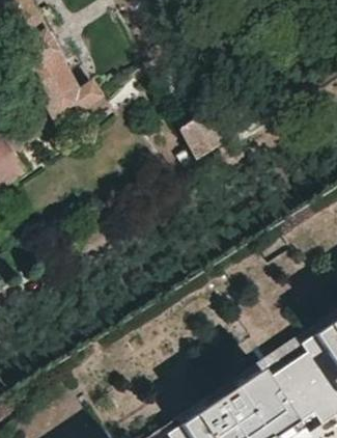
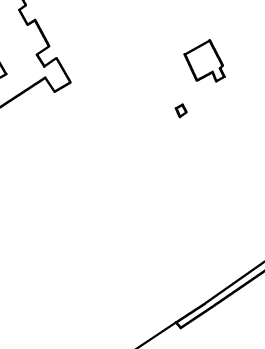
building: [182,115,227,161] -> [185,40,225,81]

